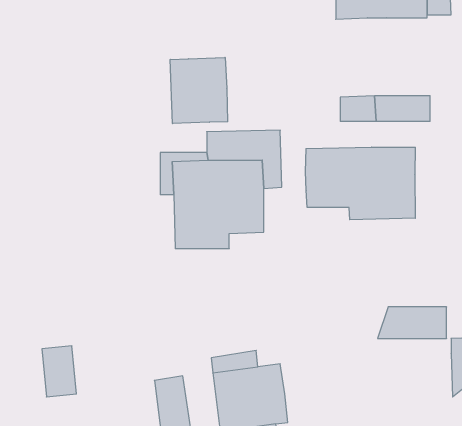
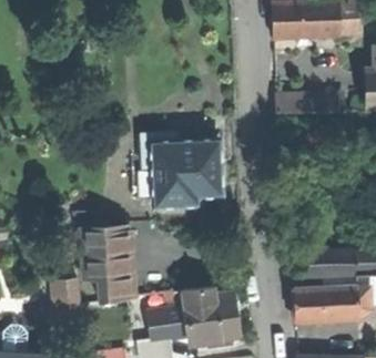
building: [170,57,228,124] -> none
building: [305,147,415,220] -> none
building: none -> [72,213,133,299]
building: none -> [293,286,359,321]

